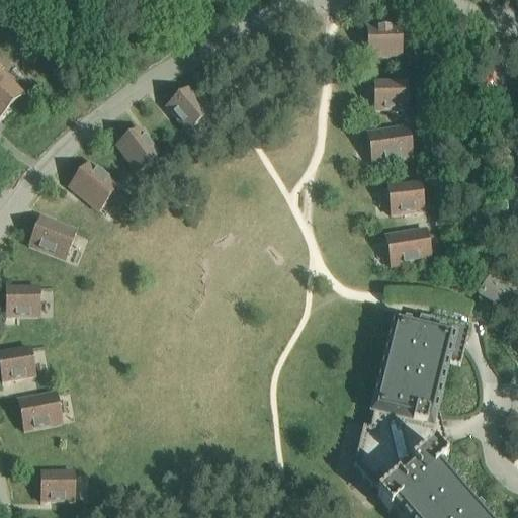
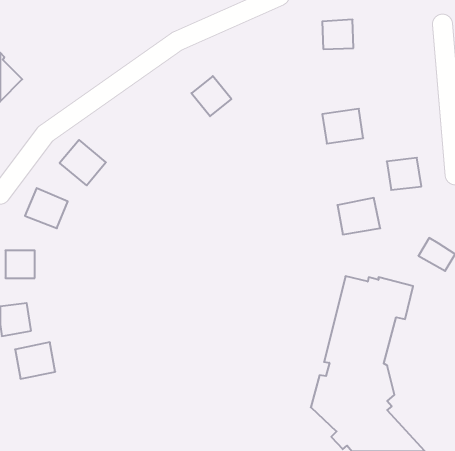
building: [372,76,409,109] -> none
building: [166,86,211,132] -> [191,76,231,116]
building: [114,124,161,171] -> none
building: [385,178,425,214] -> [387,158,421,190]
building: [39,468,75,501] -> none

